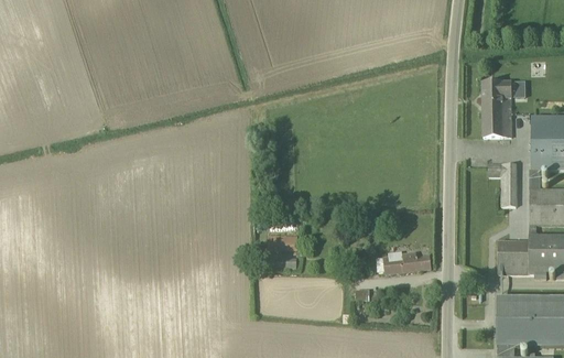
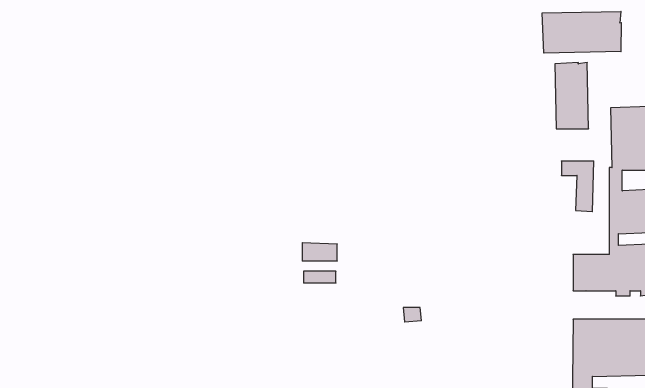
building: none -> [542,11,621,53]
building: [377,250,432,272] -> none

